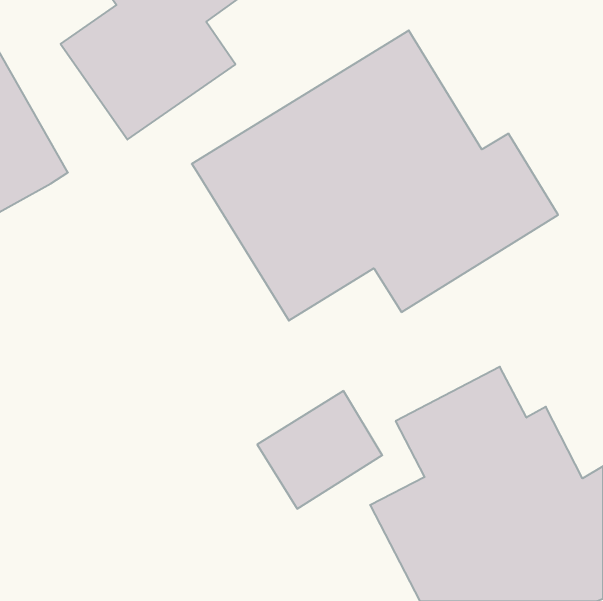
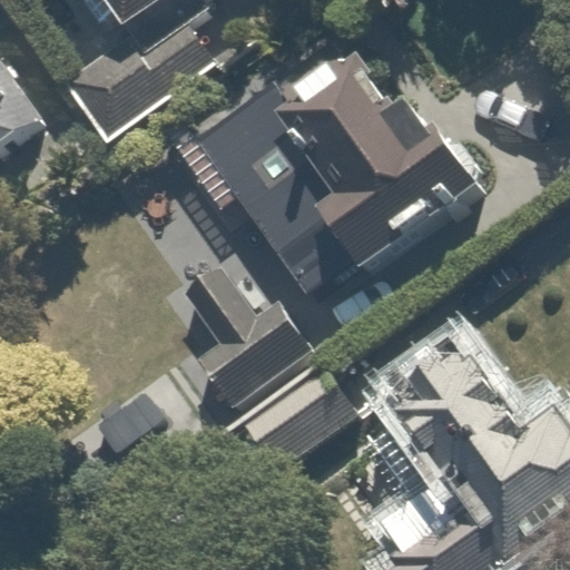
building: none -> [170,256,315,413]

